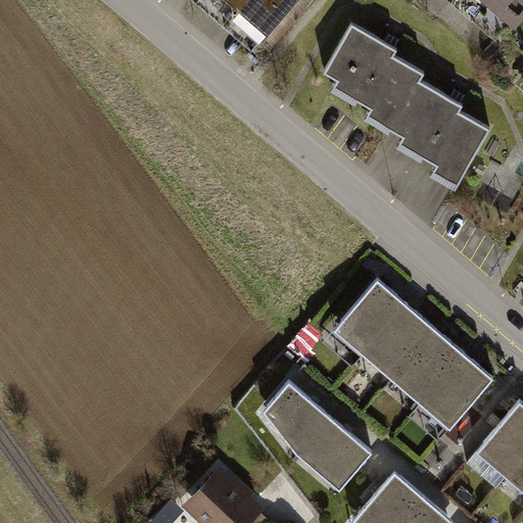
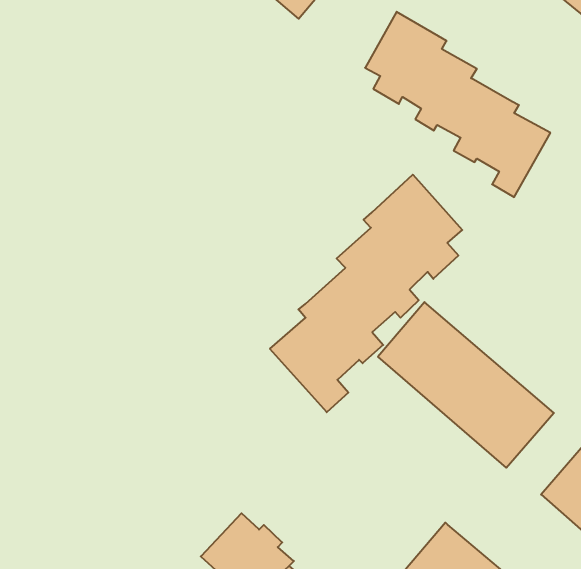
building: none -> [270,175,462,412]
building: [264,383,369,488] -> none

